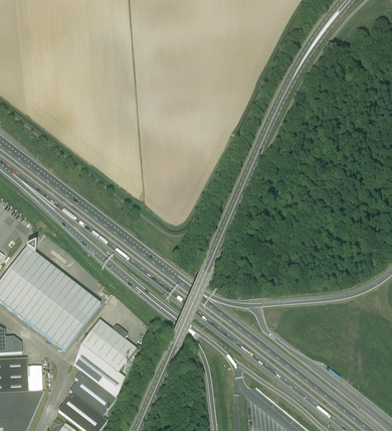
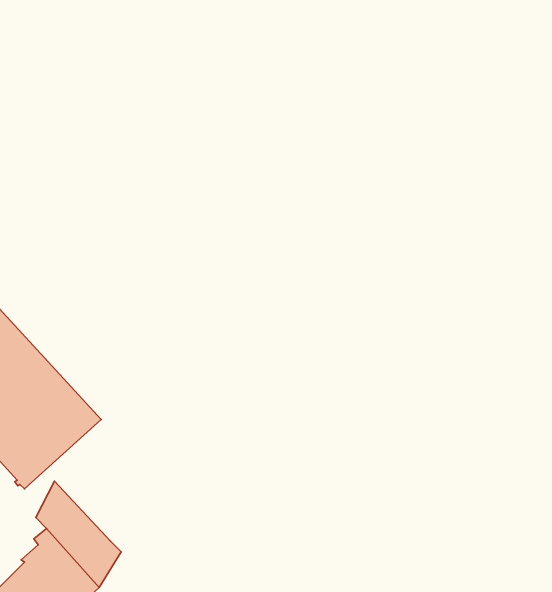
building: [79,319,136,372] -> none

